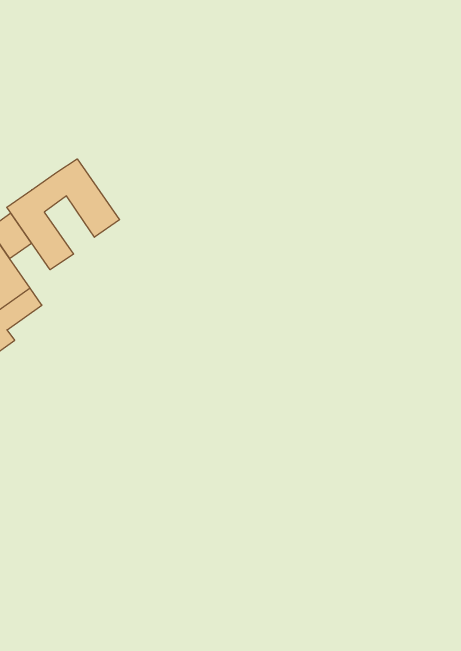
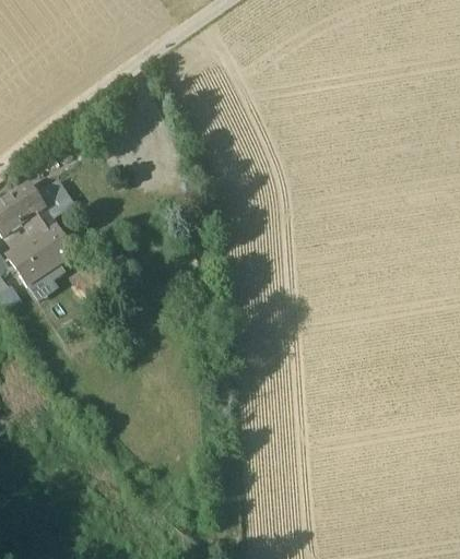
building: [7,159,120,270] -> none

